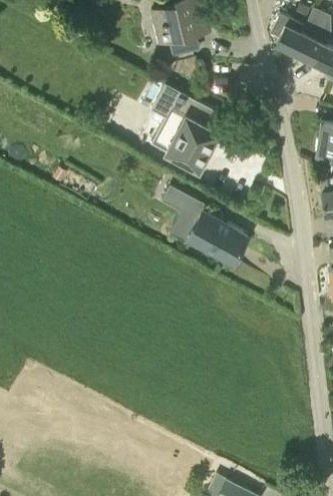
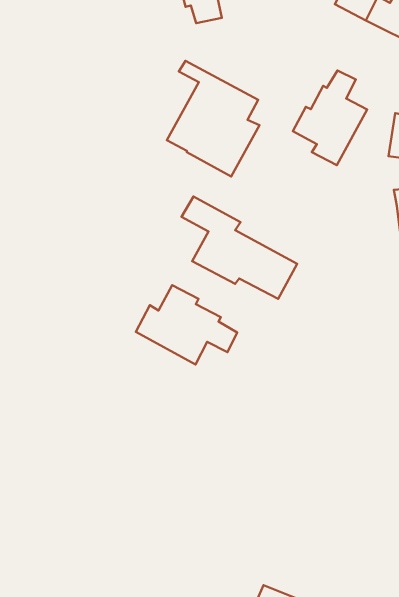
building: none -> [293,70,367,165]
building: none -> [136,285,237,364]

